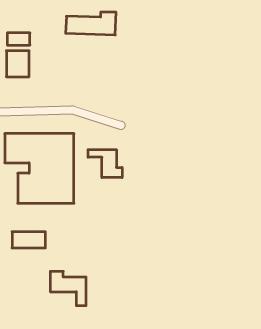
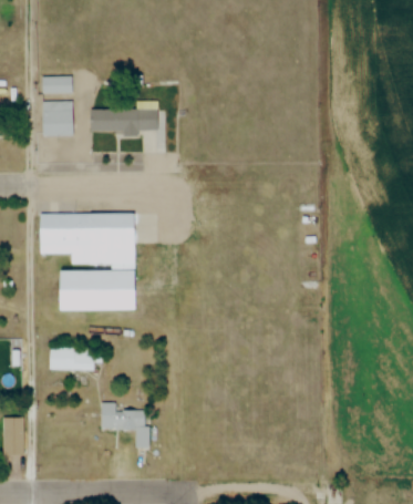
building: [66,12,116,35] -> [90,104,158,135]
building: [88,150,122,178] -> none

